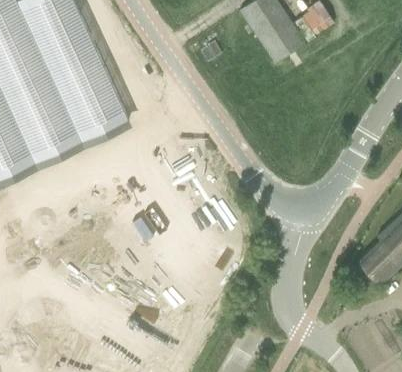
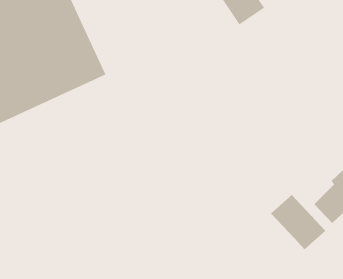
building: none -> [270,194,326,250]

